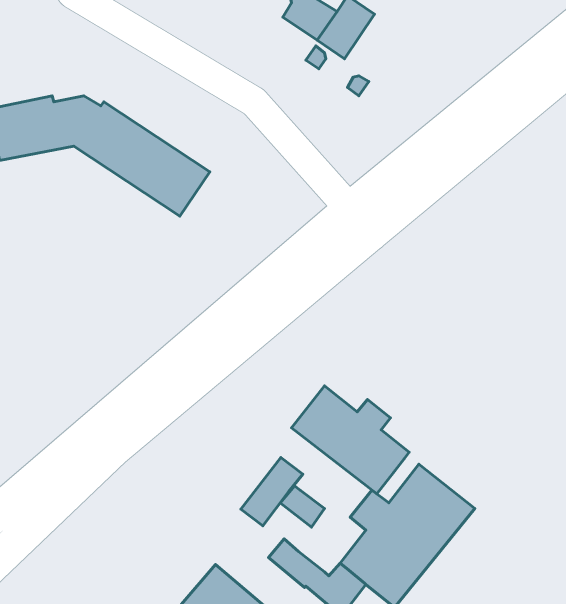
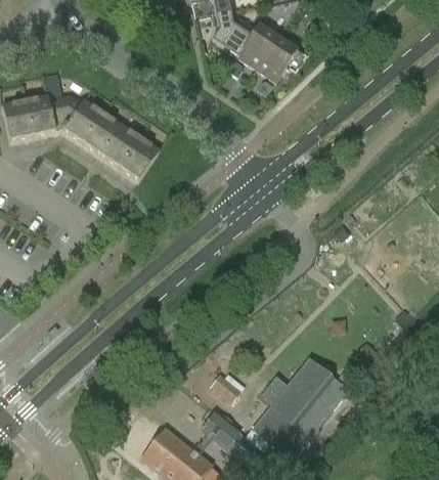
building: none -> [256,36,306,80]
building: [291,386,409,494] -> none
building: [241,457,303,526] -> none

